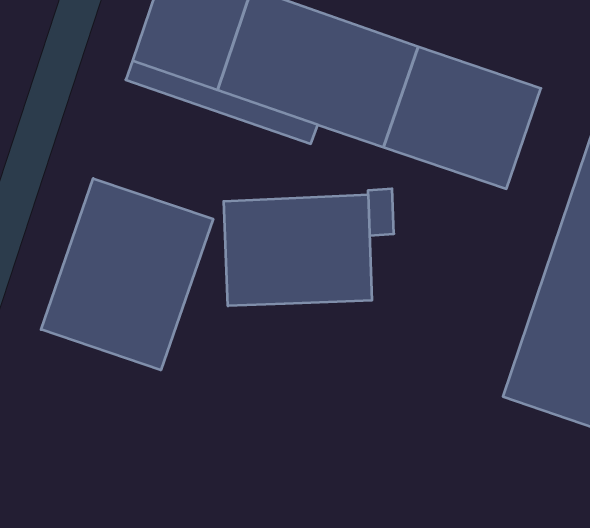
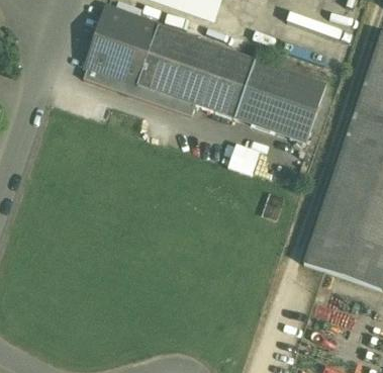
building: [41,178,213,370] -> none
building: [224,194,372,306] -> none

